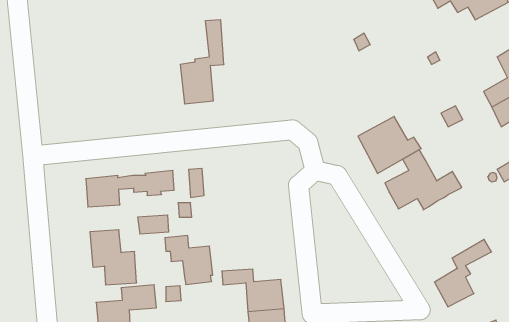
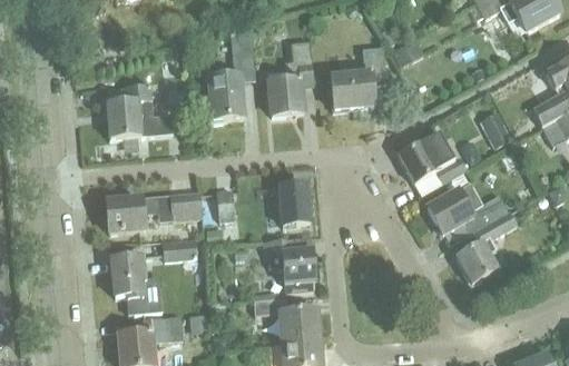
building: none -> [268,42,313,113]
building: none -> [332,47,385,108]
building: none -> [107,82,174,137]
building: none -> [278,182,308,225]
building: [165,236,213,285] -> [263,238,314,290]
building: [434,239,492,307] -> [454,210,516,283]

